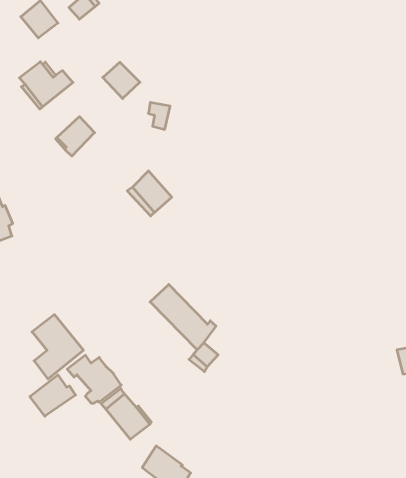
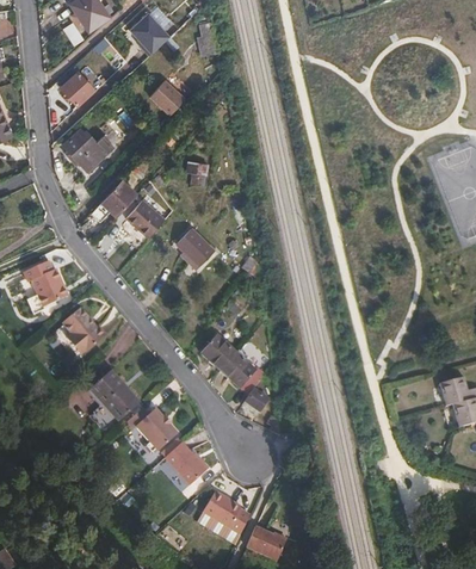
building: [103,62,140,99] -> [150,81,186,116]
building: none -> [125,198,165,237]
building: none -> [62,307,107,354]
building: [30,375,76,416] -> none

